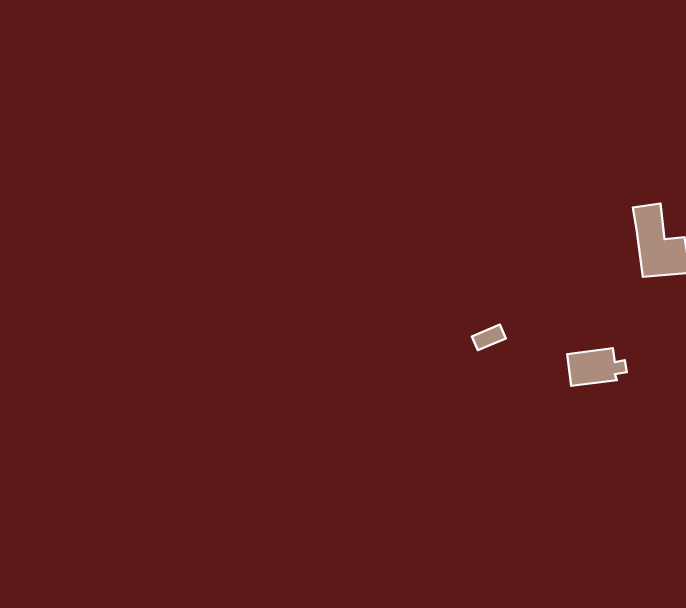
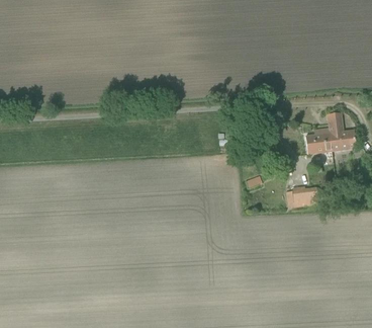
building: none -> [306,128,333,154]

